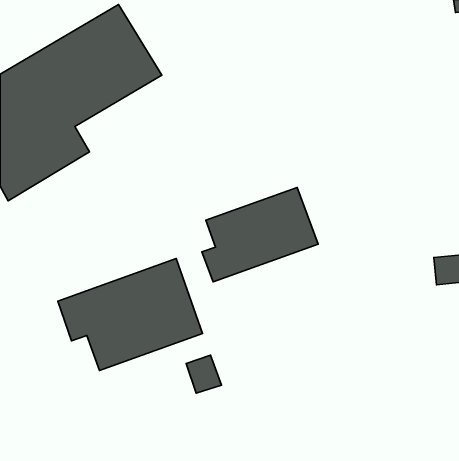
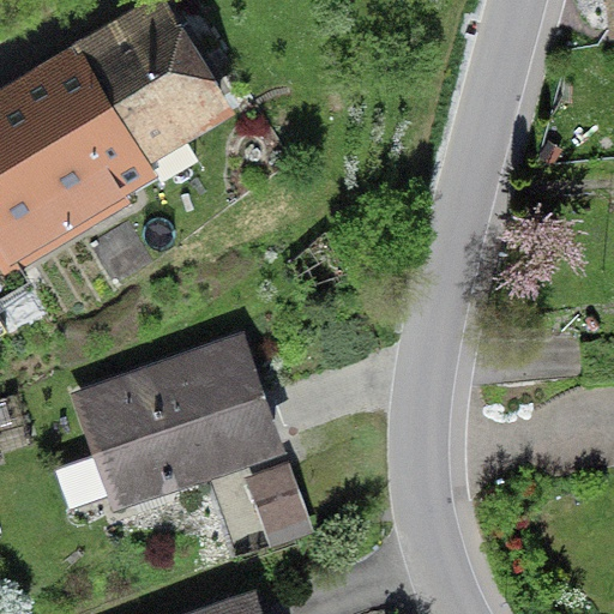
building: [202,188,318,282] -> none

